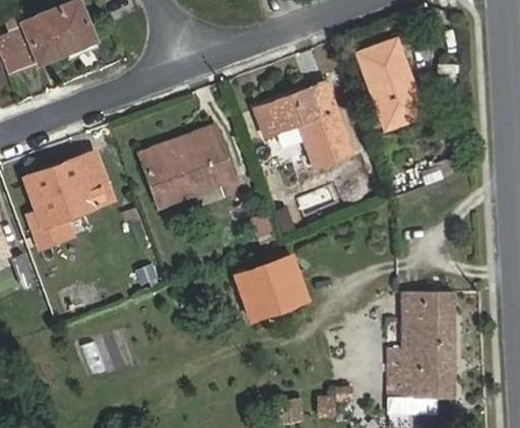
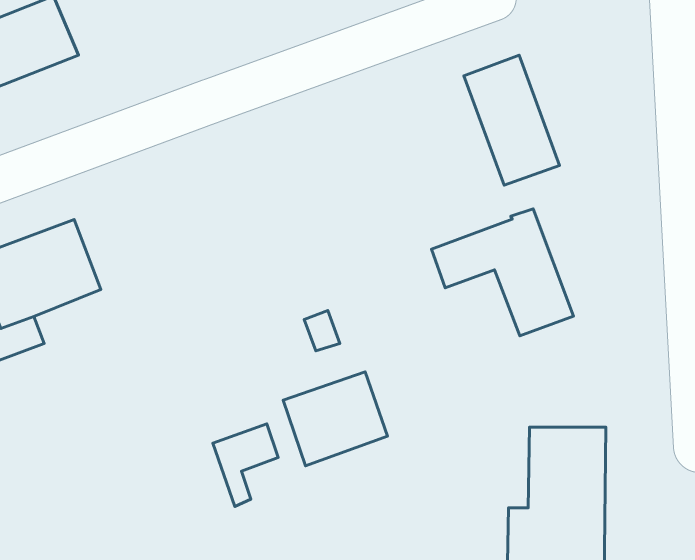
building: [255,81,351,168] -> [432,209,574,336]
building: [142,132,233,202] -> none
building: none -> [213,424,278,506]

